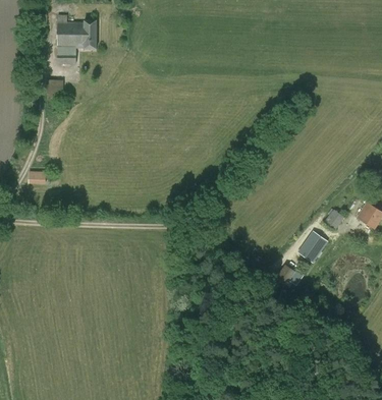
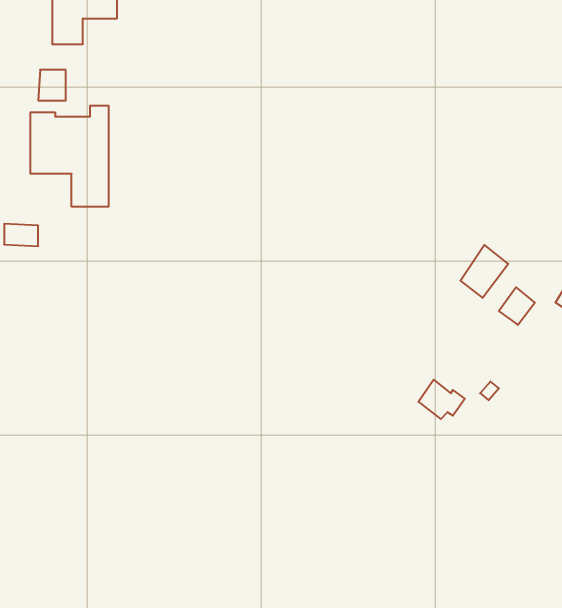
building: none -> [30,106,109,207]
building: [298,230,327,262] -> [460,245,508,298]

